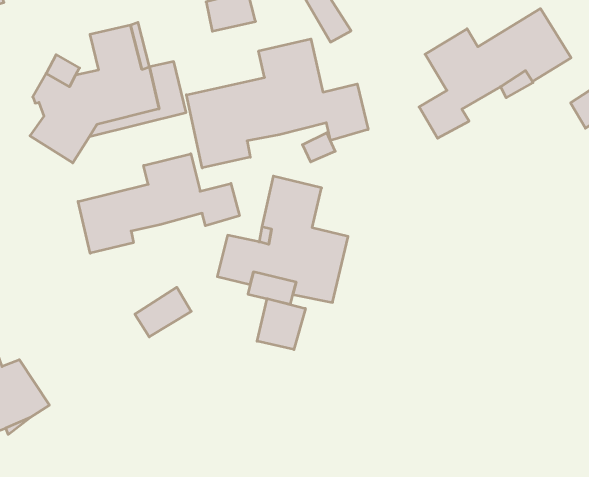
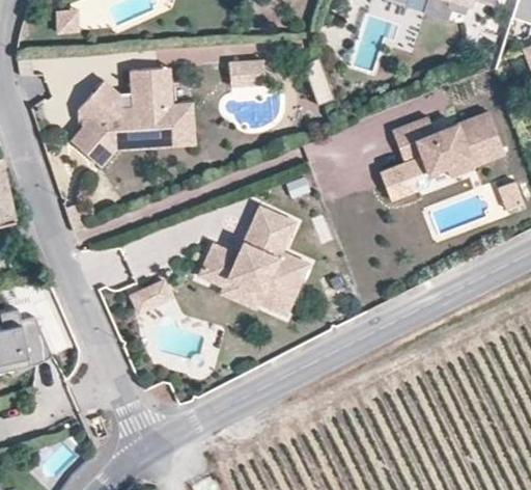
building: [186,39,368,168] -> none
building: [78,154,239,253] -> none
building: [257,299,305,350] -> none

